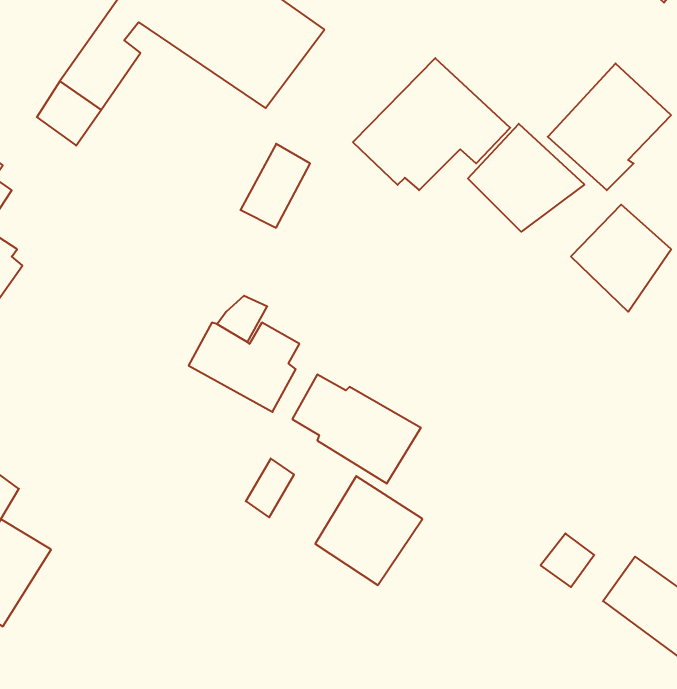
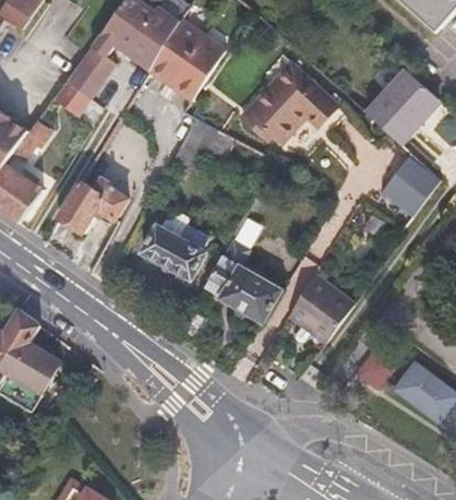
building: [468,124,584,232] -> none
building: none -> [58,175,128,234]
building: [315,476,422,585] -> [289,275,355,342]

